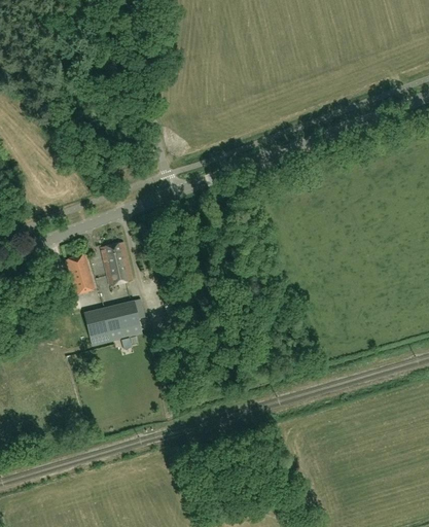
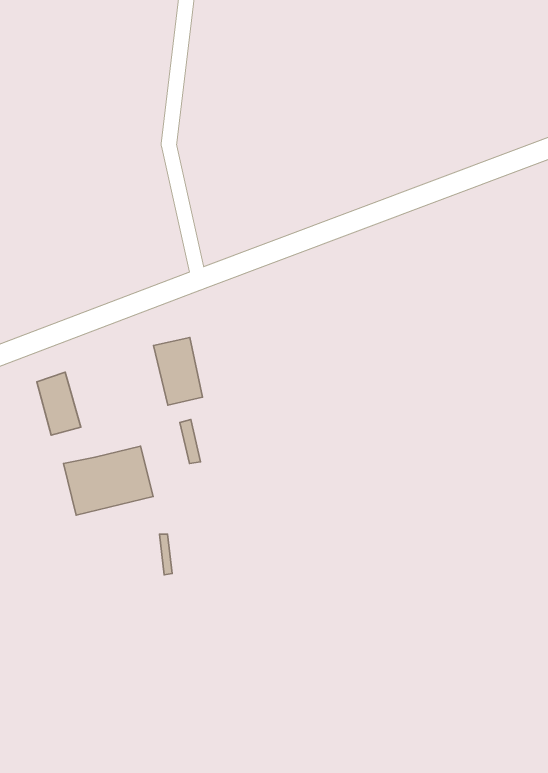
building: [100,241,132,285] -> [154,338,202,405]

